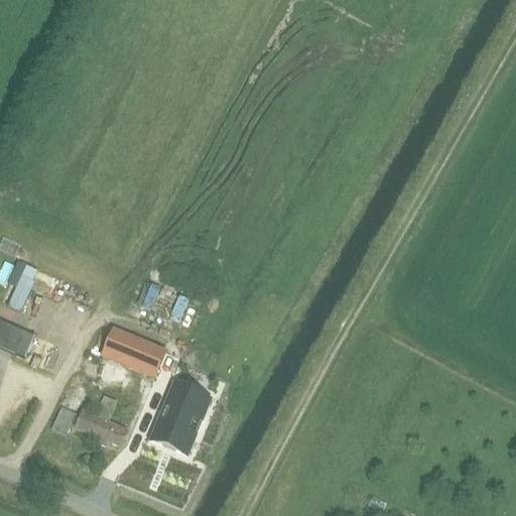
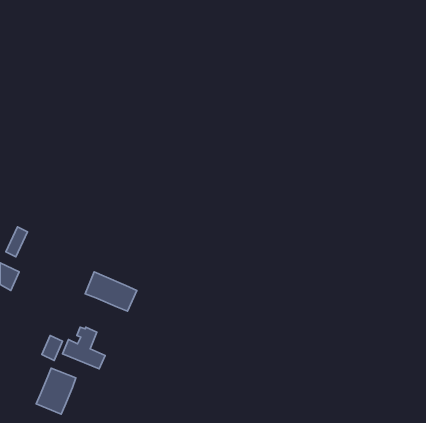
building: [150,383,211,455] -> none
building: none -> [36,368,76,414]

